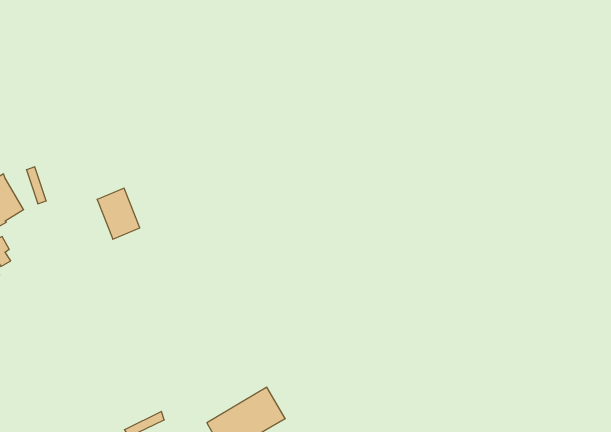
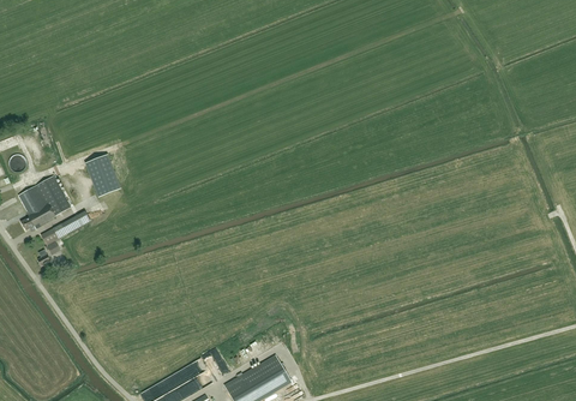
building: [97,188,140,239] -> [85,154,121,197]

